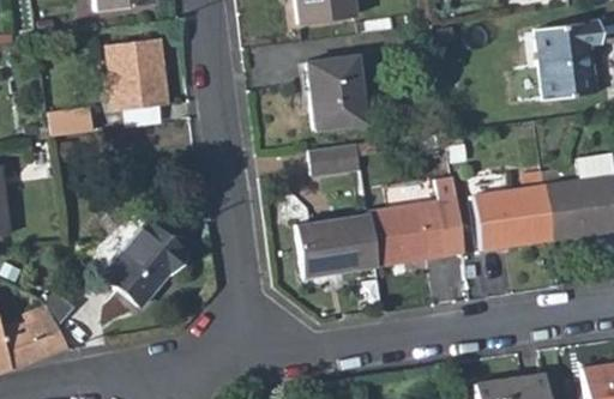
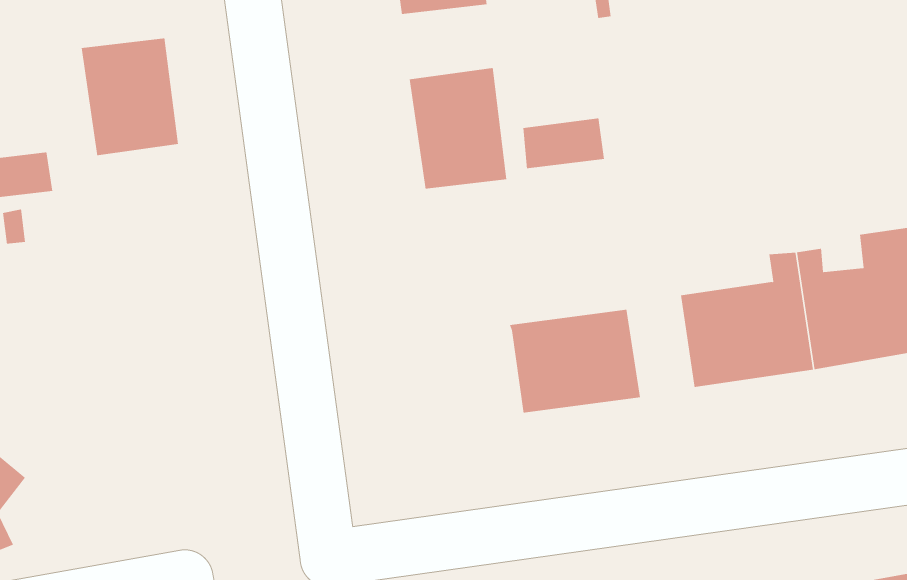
building: [538,20,604,101] -> none
building: [313,144,363,175] -> [522,118,605,169]
building: [300,216,378,276] -> none
building: [103,222,188,306] -> none

